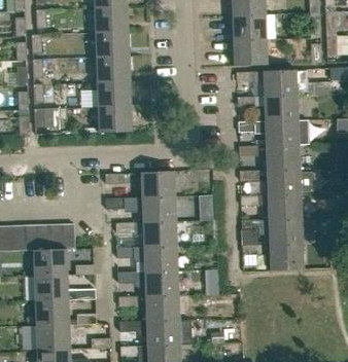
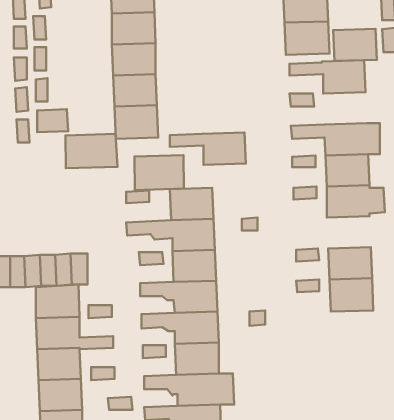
building: [264,95,299,120] -> [333,29,377,61]
building: none -> [65,134,117,168]
building: none -> [134,155,184,190]
building: [241,193,302,219] -> [170,133,246,165]

